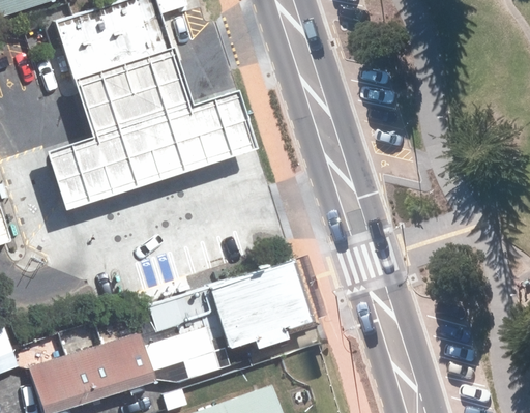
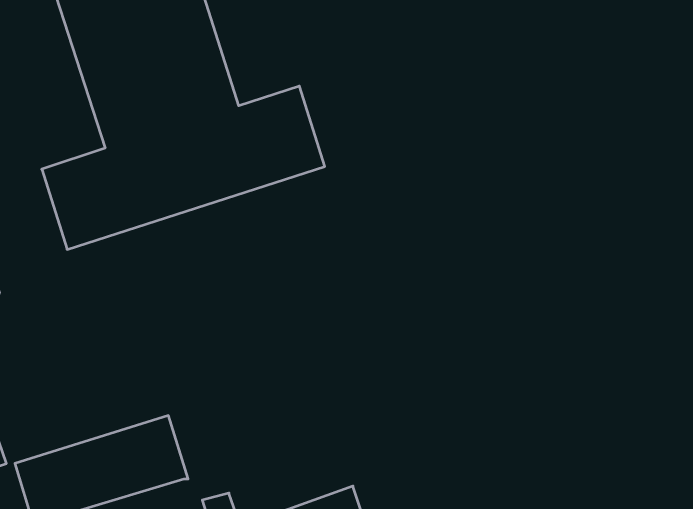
building: [131,261,308,381] -> none

